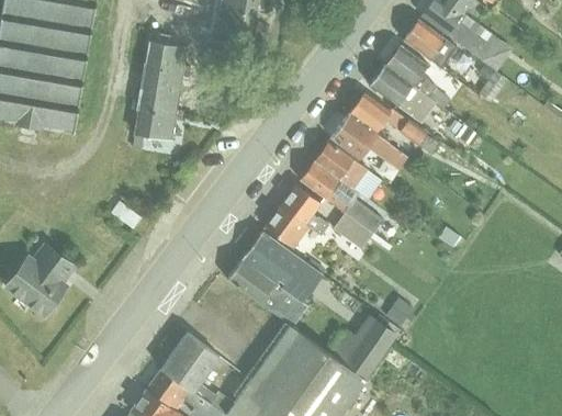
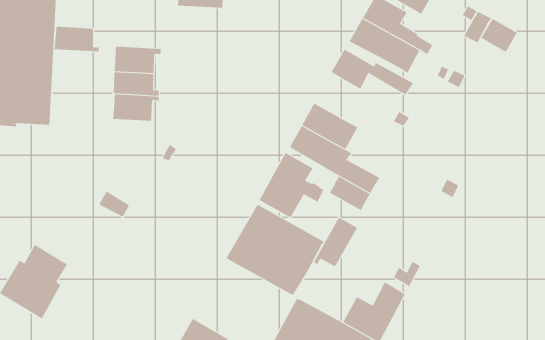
building: [146,42,190,71] -> [54,26,100,52]
building: none -> [481,18,518,53]
building: [330,113,407,167] -> none
building: none -> [313,217,358,267]

